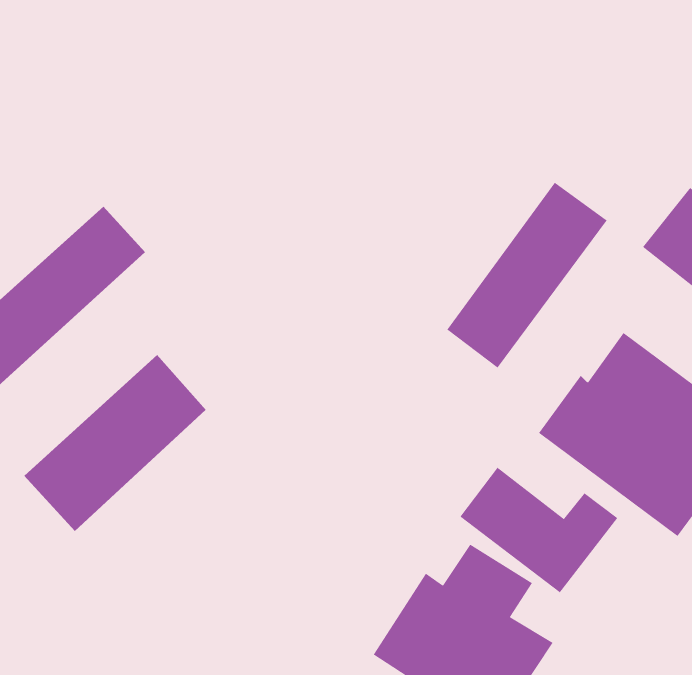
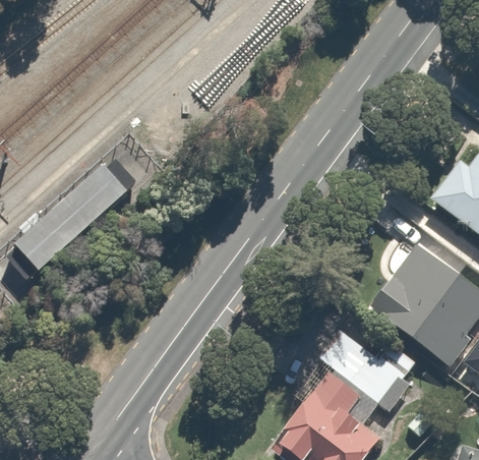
building: [446,182,608,369] -> none
building: [23,354,207,532] -> none

